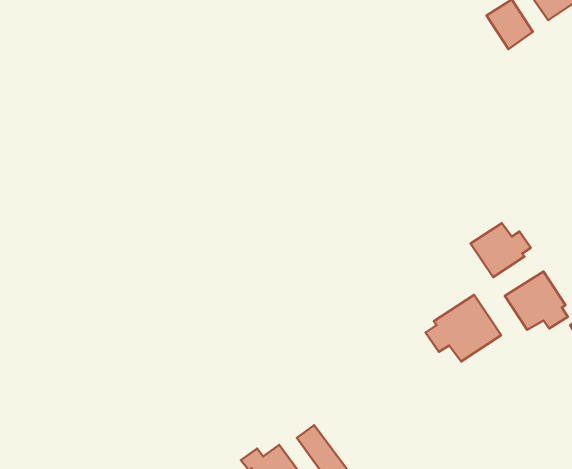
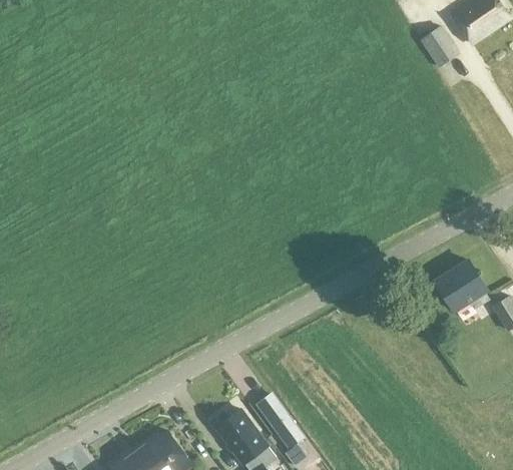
building: [470,223,531,277] -> none
building: [426,295,501,362] -> none

